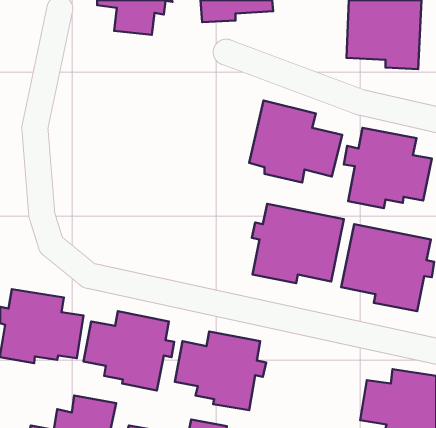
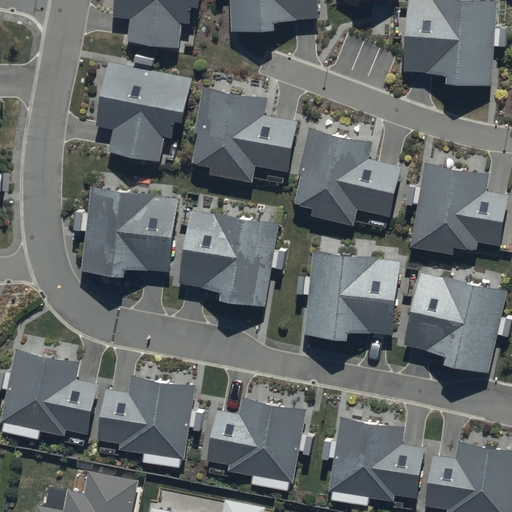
building: none -> [95,68,194,164]
building: none -> [191,86,295,182]
building: none -> [75,182,183,276]
building: none -> [178,205,287,307]
building: none -> [322,416,426,504]

